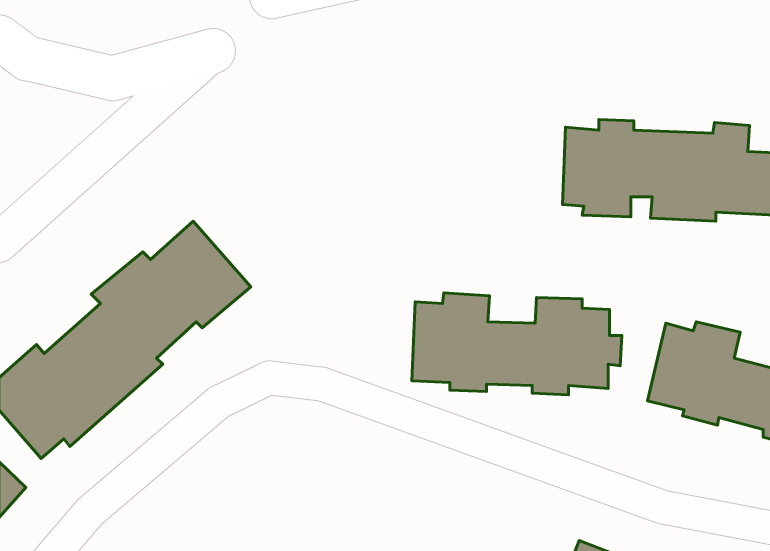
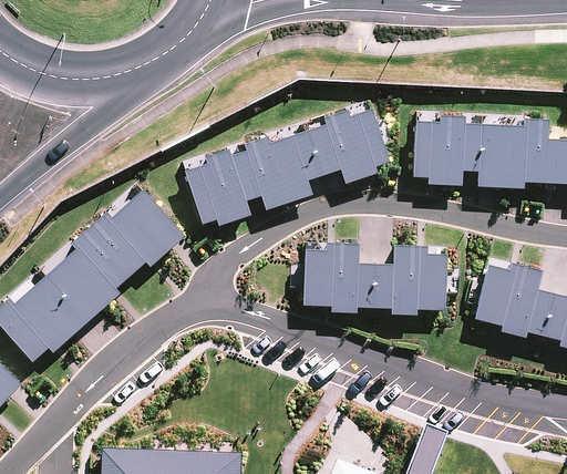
building: none -> [185,109,390,227]

